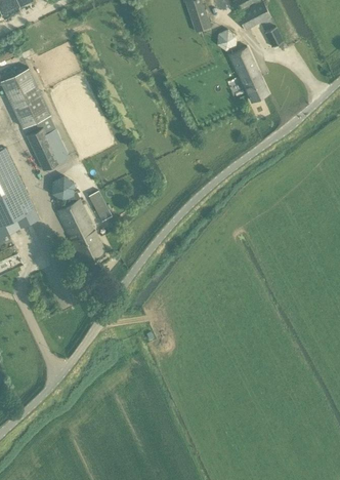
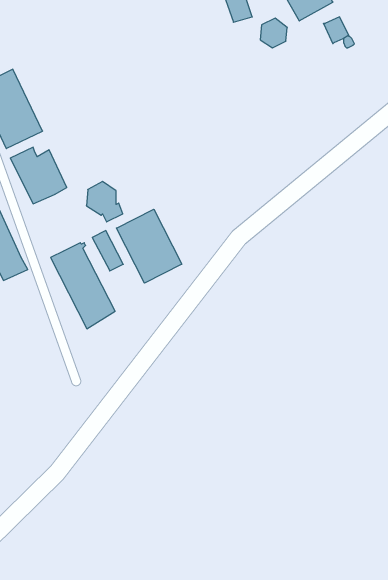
building: [229,47,268,102] -> none
building: none -> [116,209,182,283]
building: [51,175,79,206] -> [86,182,123,222]

